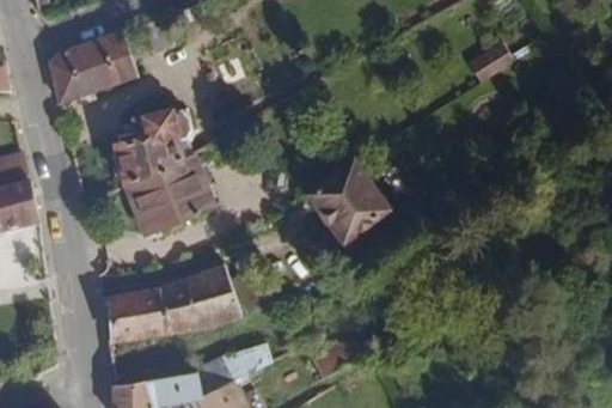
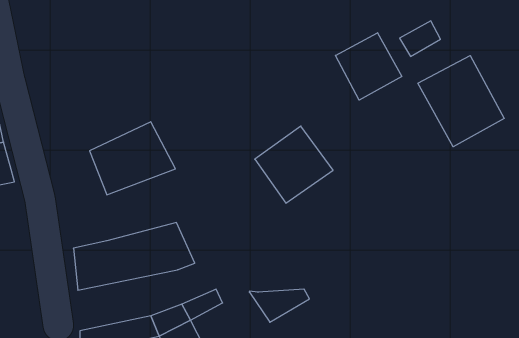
building: [45,28,141,108] -> none
building: none -> [335,33,402,100]
building: none -> [418,56,504,147]
building: [110,108,192,188] -> none

